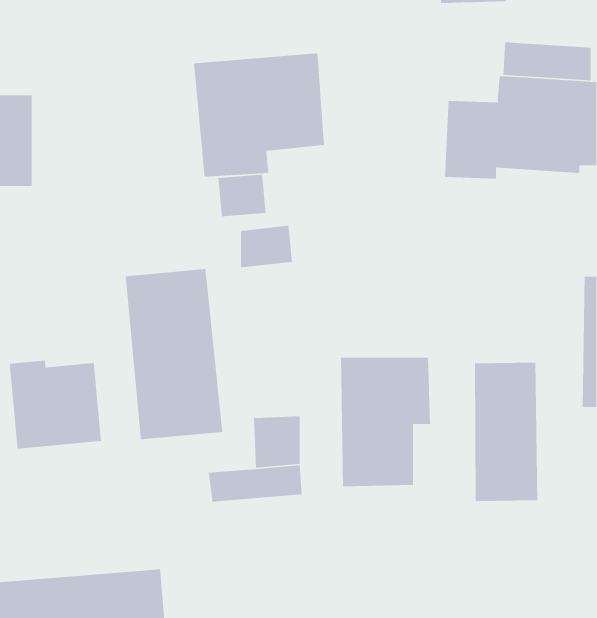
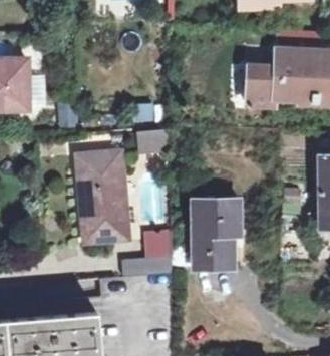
building: [193,53,325,178] -> none
building: [9,360,102,449] -> none
building: [474,362,538,502] -> none

